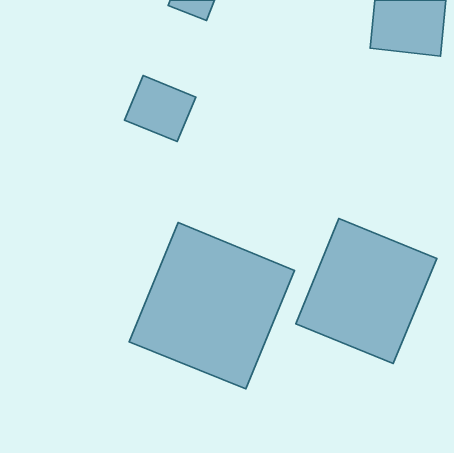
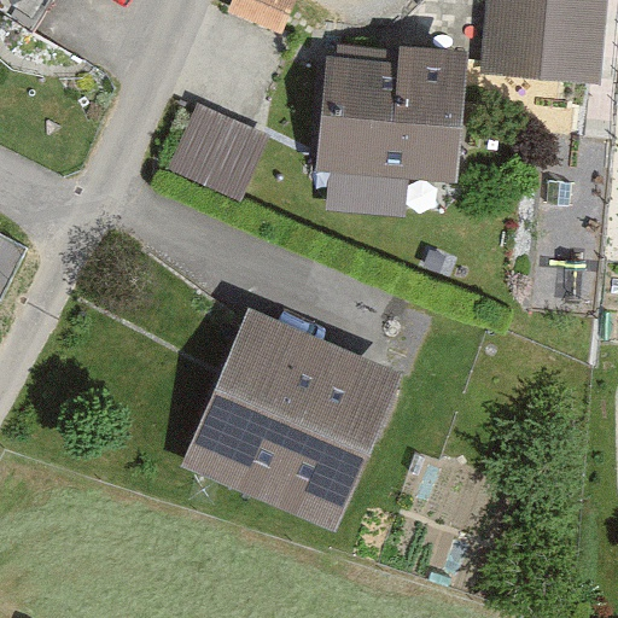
building: none -> [316,40,468,218]
building: [296,218,437,363] -> none

